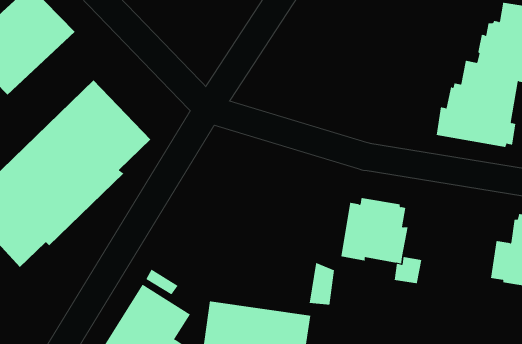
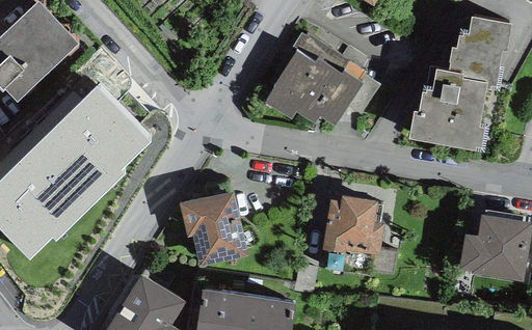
building: none -> [264,32,380,127]
building: none -> [180,191,247,266]

